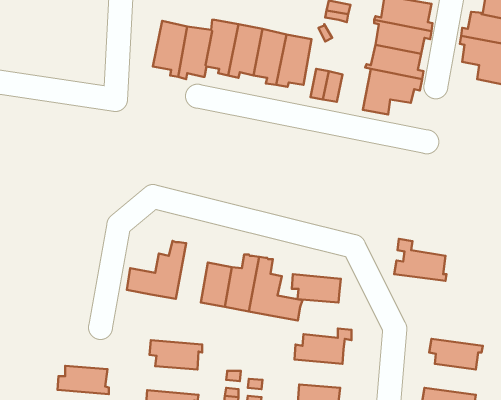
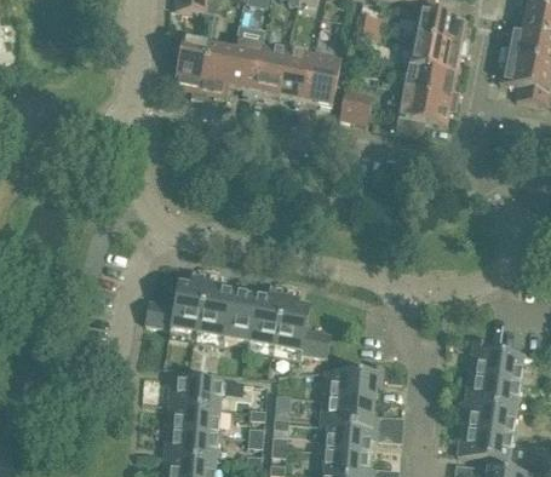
building: [394,239,447,281] -> [467,337,523,381]
building: none -> [196,272,230,335]
building: [292,274,341,303] -> [321,396,373,426]
building: none -> [460,401,516,433]
building: [57,366,109,394] -> [166,403,220,433]

